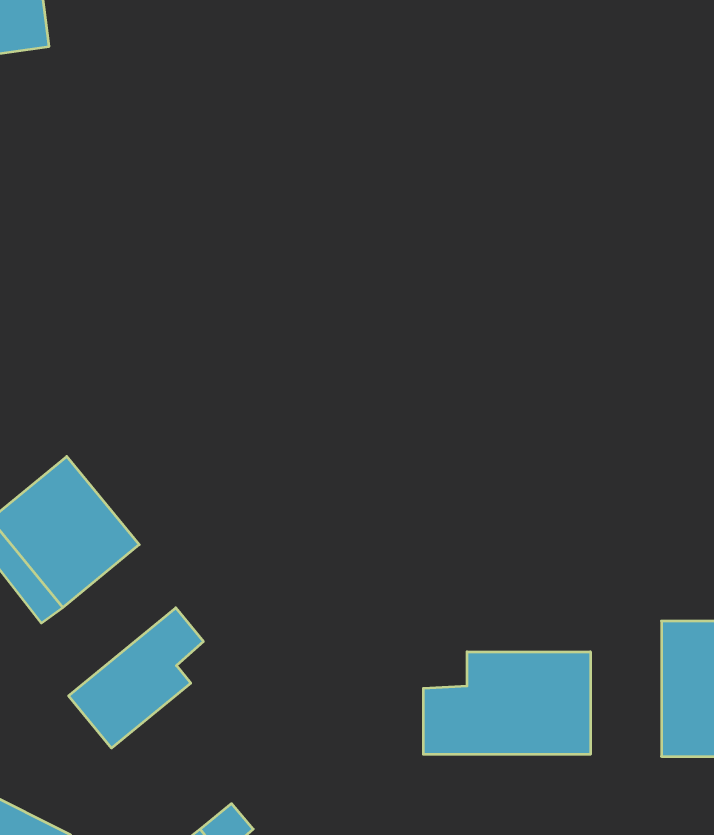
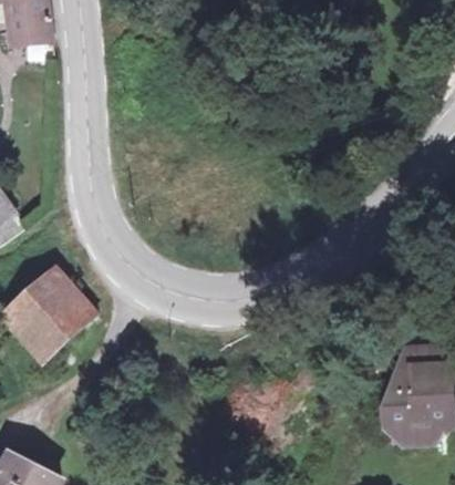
building: [69,608,203,748] -> none
building: [423,652,590,754] -> none

